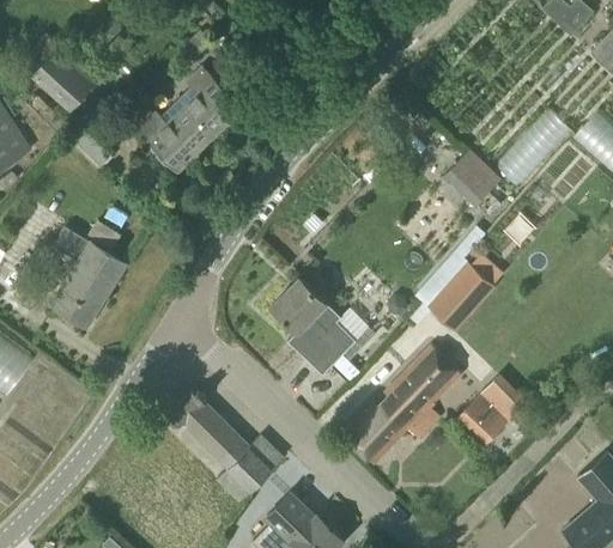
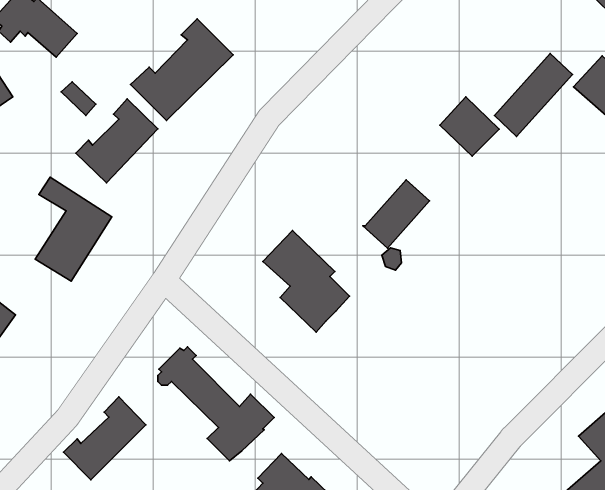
building: none -> [76,99,158,183]
building: [430,264,494,330] -> [363,180,430,248]
building: [344,346,462,465] -> none
building: [456,394,518,445] -> none
building: none -> [64,397,146,480]

